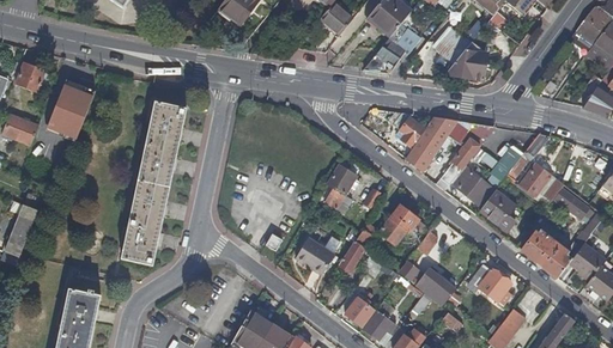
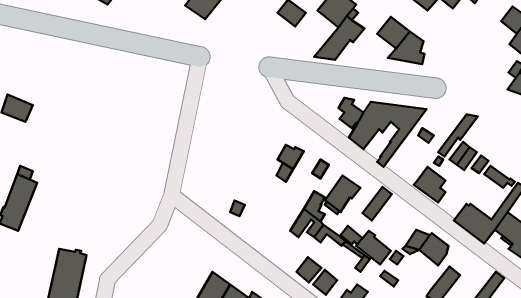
building: [18,60,56,90] -> none
building: [50,69,98,128] -> none
building: [123,100,188,263] -> none
building: [449,169,499,207] -> none
building: [293,238,332,275] -> none

